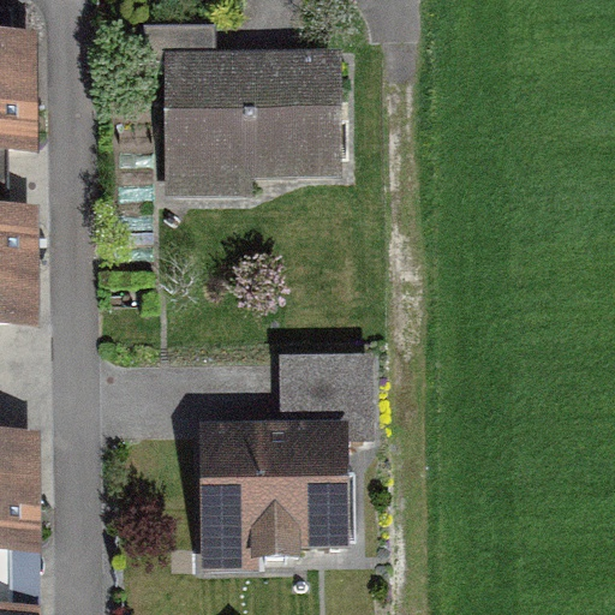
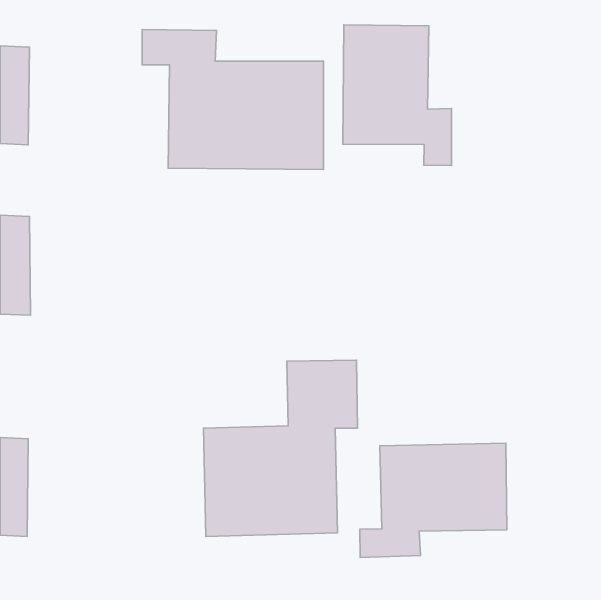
building: none -> [343,25,452,166]
building: none -> [360,443,507,557]

